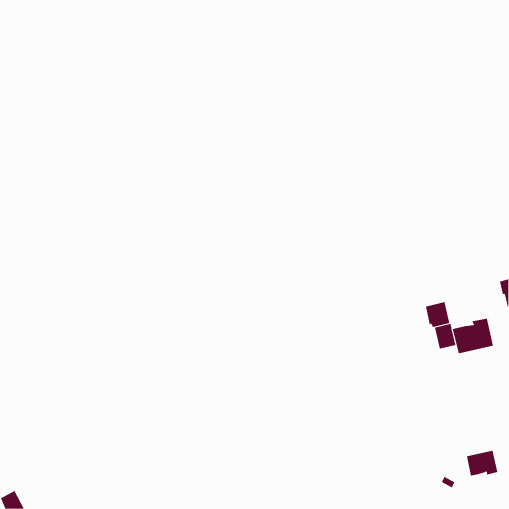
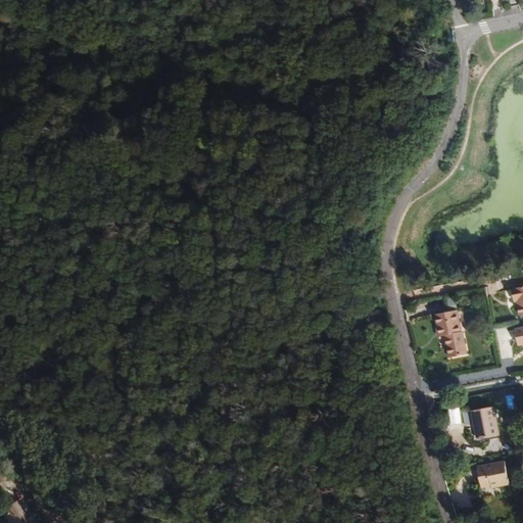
building: [452,318,494,354] -> none
building: none -> [471,406,498,439]

